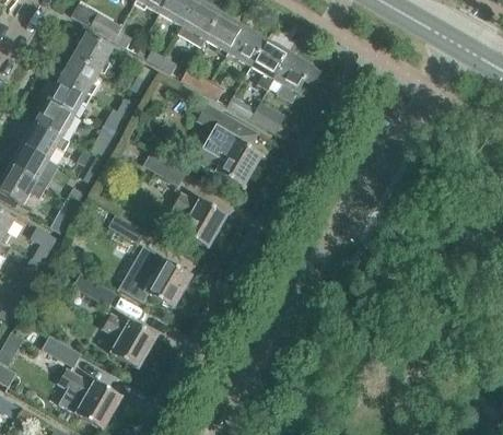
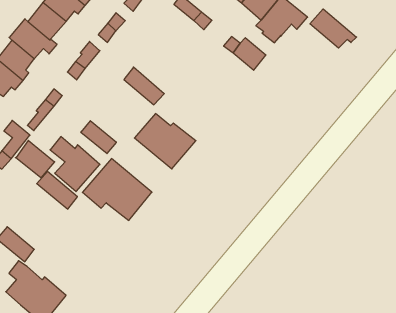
building: none -> [310,9,357,48]
building: [195,103,262,186] -> none
building: none -> [15,140,55,178]
building: [103,314,156,367] -> [50,137,100,192]

